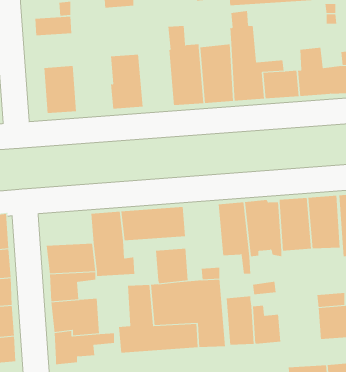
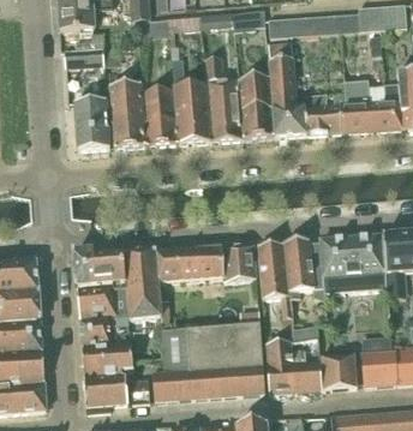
building: none -> [173,58,210,142]
building: none -> [110,82,146,146]
building: none -> [74,250,126,287]
building: [155,248,188,284] -> [221,244,256,281]
building: none -> [321,353,357,388]

